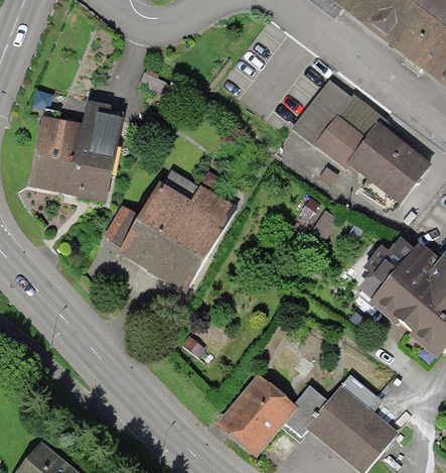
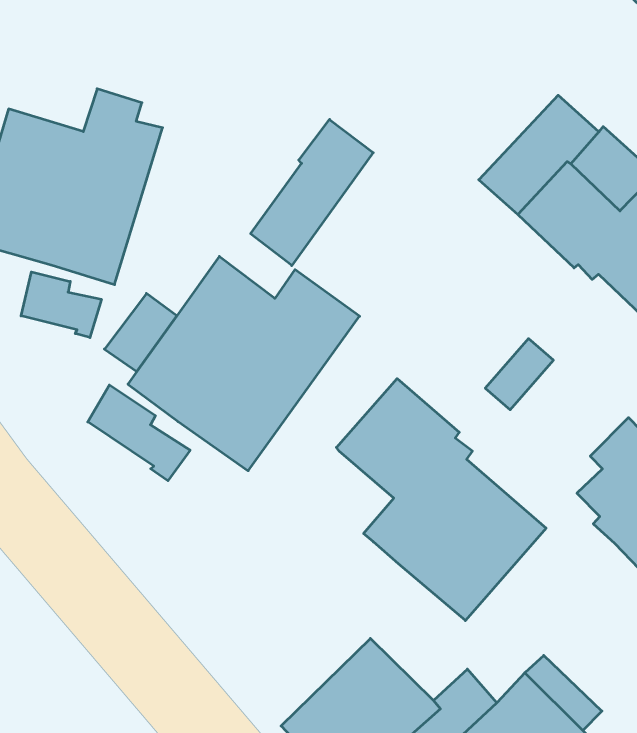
building: none -> [251,119,373,266]
building: none -> [21,272,101,338]
building: none -> [336,379,546,621]
building: none -> [88,385,190,481]

